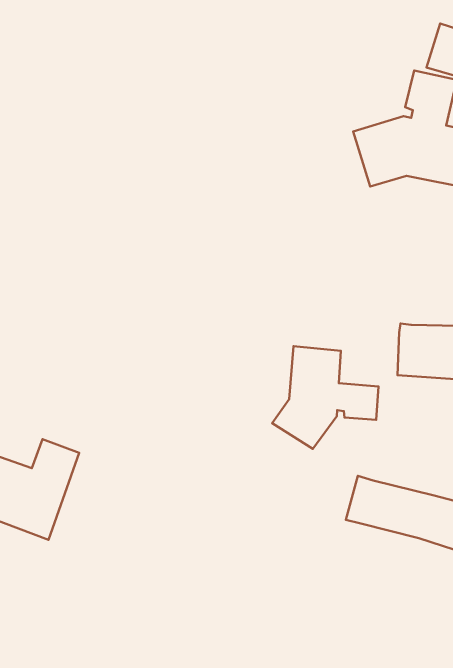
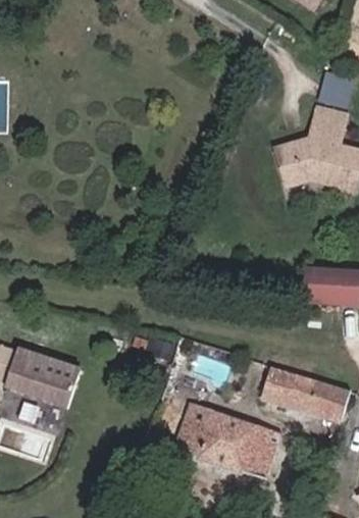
building: [272,346,378,449] -> none
building: none -> [179,407,285,475]

